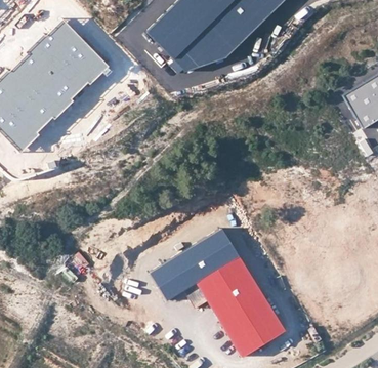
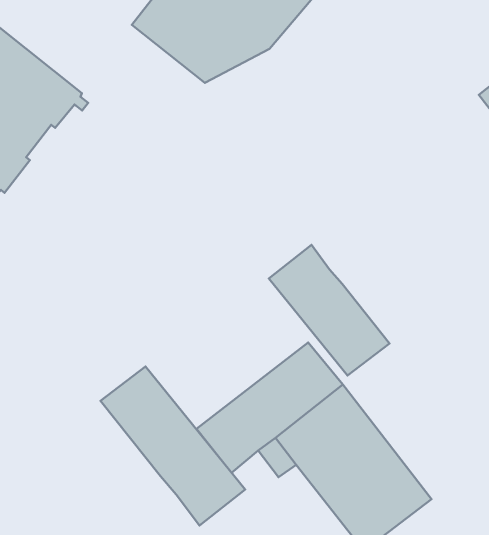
building: none -> [269,245,389,375]
building: none -> [101,366,245,526]

